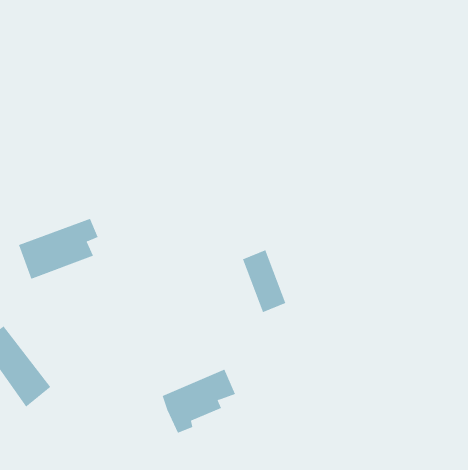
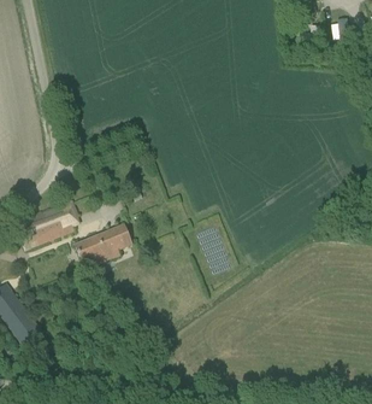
building: [162,369,236,434] -> [82,224,138,274]

